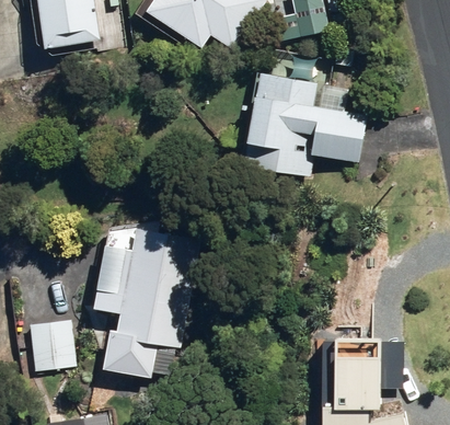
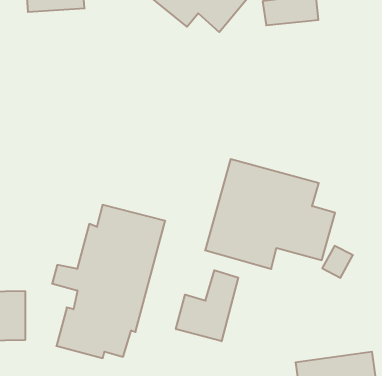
building: [242,71,365,174] -> [205,159,335,269]
building: none -> [176,270,238,341]

